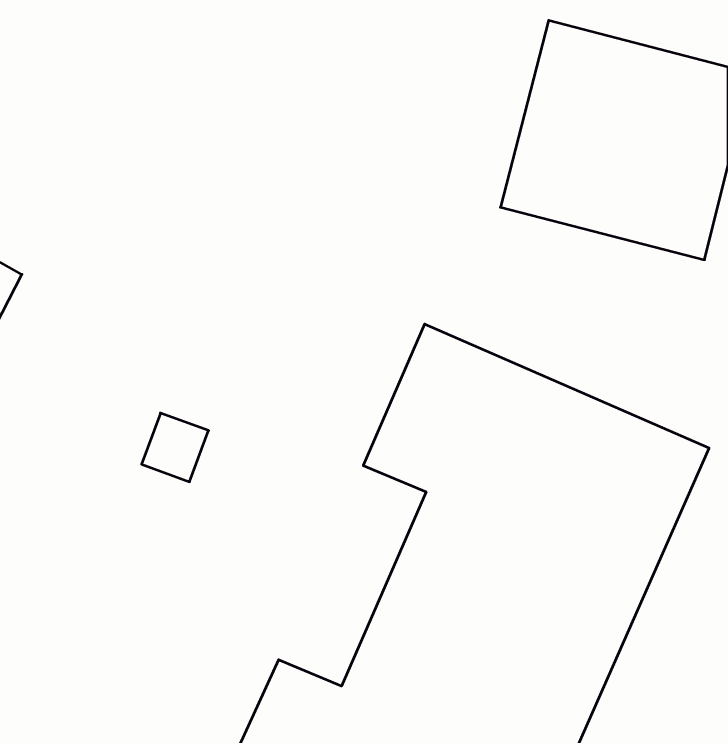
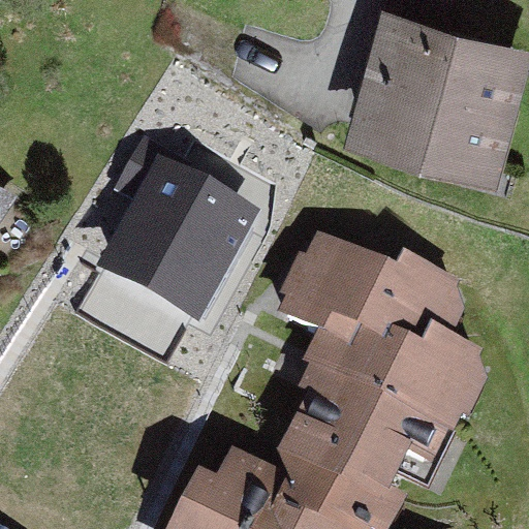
building: none -> [97,151,255,325]

